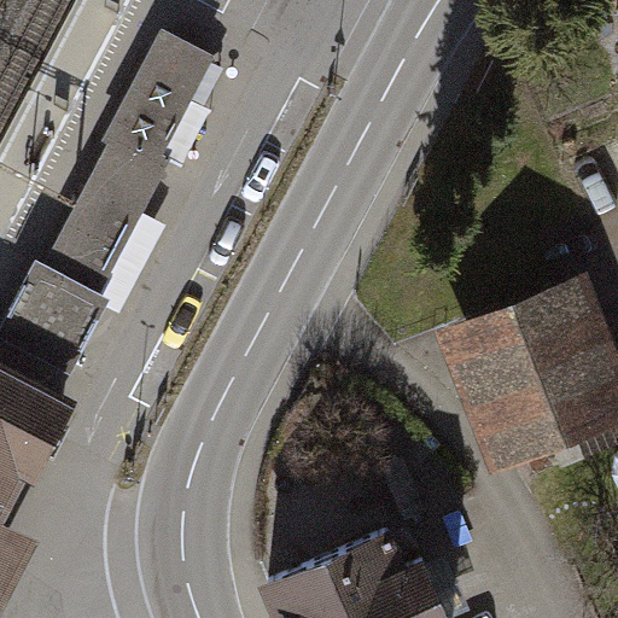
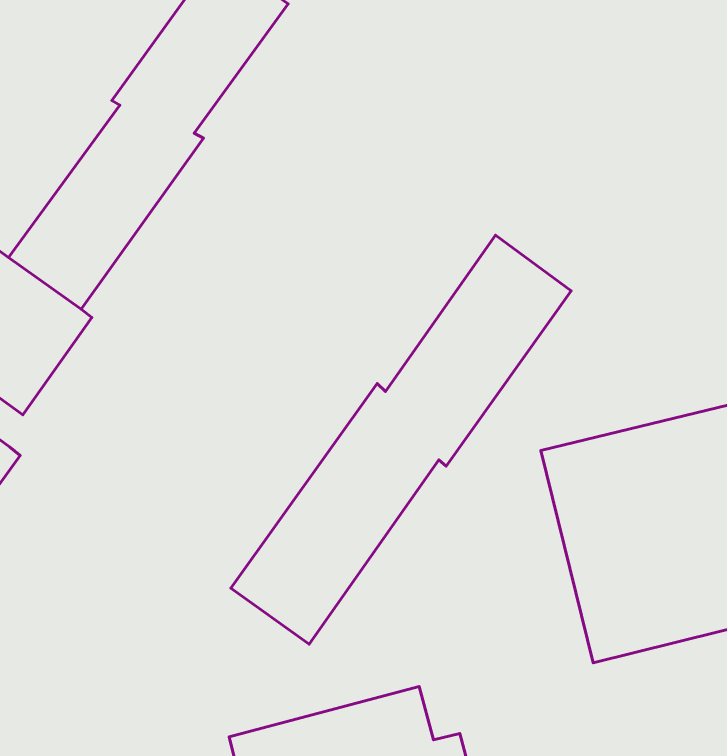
building: none -> [231,235,571,644]

